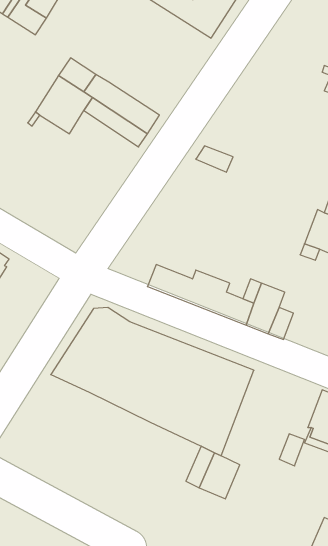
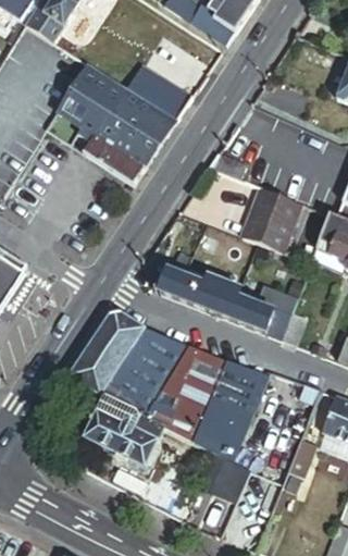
building: none -> [124,64,190,122]
building: none -> [83,118,153,187]
building: none -> [244,188,302,251]
building: none -> [85,396,164,465]

